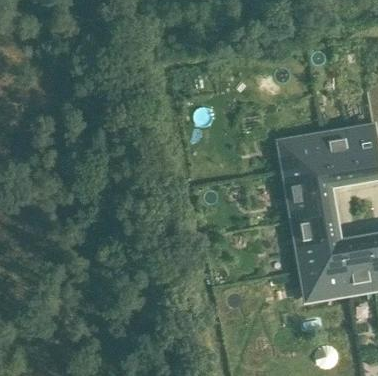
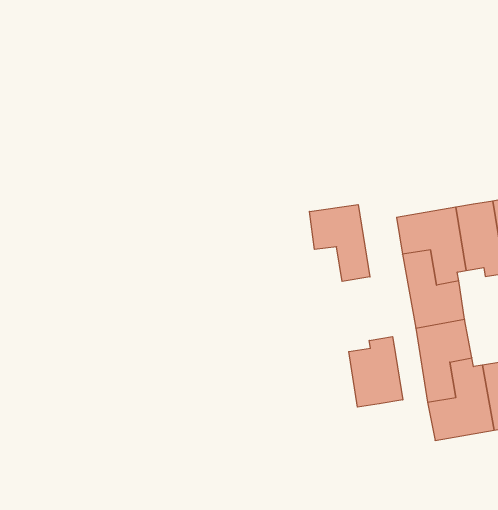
building: none -> [309,205,370,281]
building: none -> [349,337,403,407]

